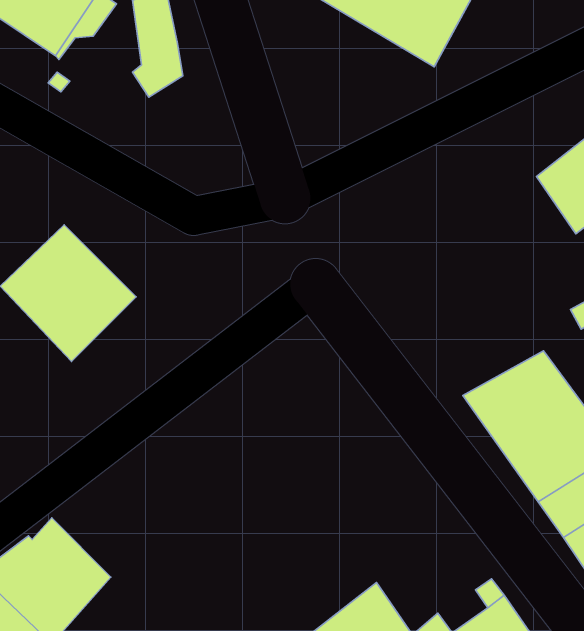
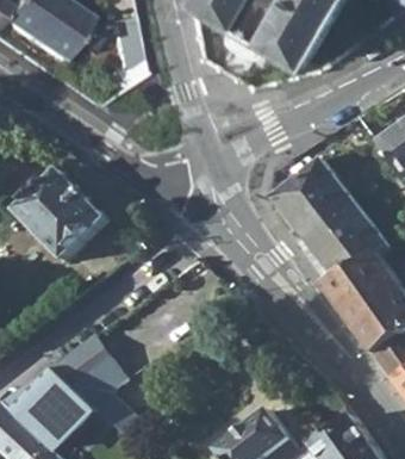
building: none -> [270,166,381,285]
building: none -> [51,336,136,435]

